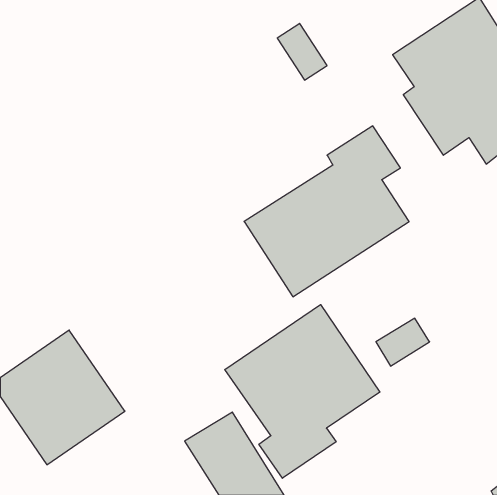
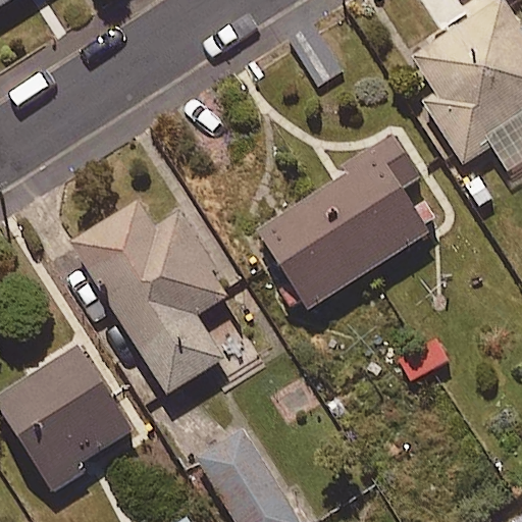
building: none -> [67,200,233,395]
building: [225,305,380,478] -> none

